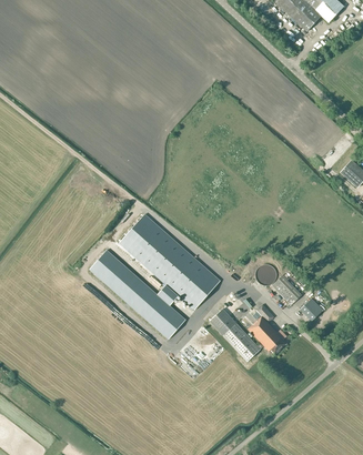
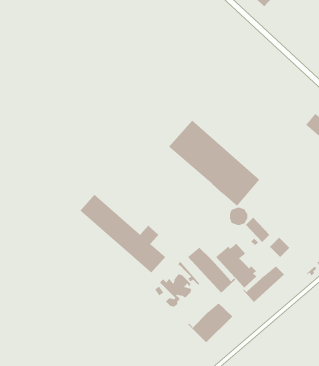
building: [118,213,220,310] -> [168,120,260,207]
building: none -> [242,265,285,303]
building: none -> [188,302,233,343]

